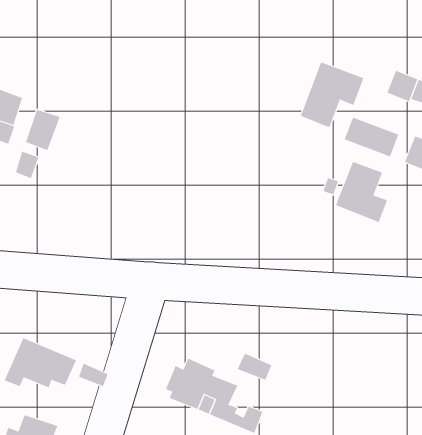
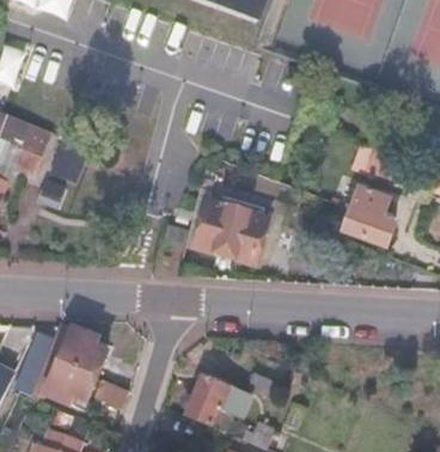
building: [300,61,364,128] -> none
building: none -> [191,201,267,265]
building: none -> [47,320,109,377]

